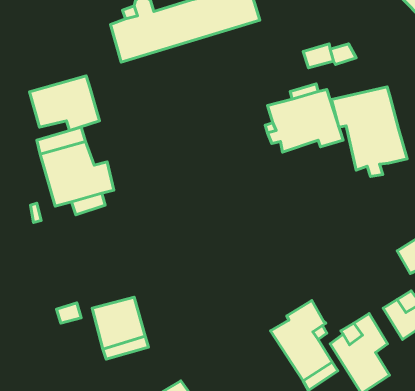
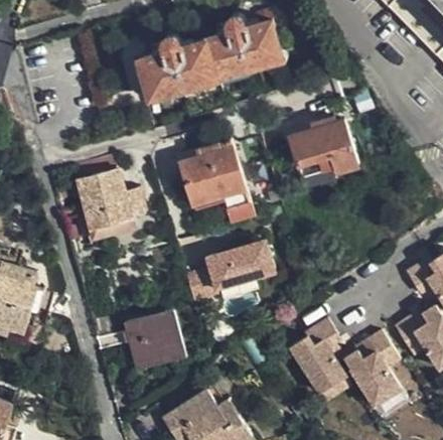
building: [29,76,100,131] -> none
building: [332,87,407,176] -> none
building: none -> [181,125,255,224]
building: none -> [184,242,274,303]

